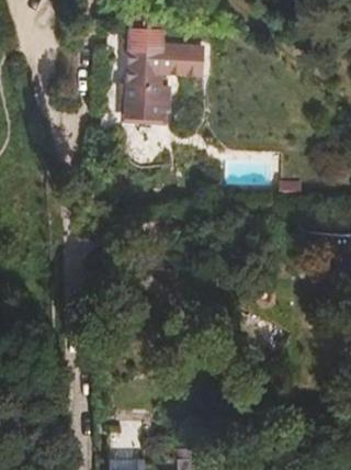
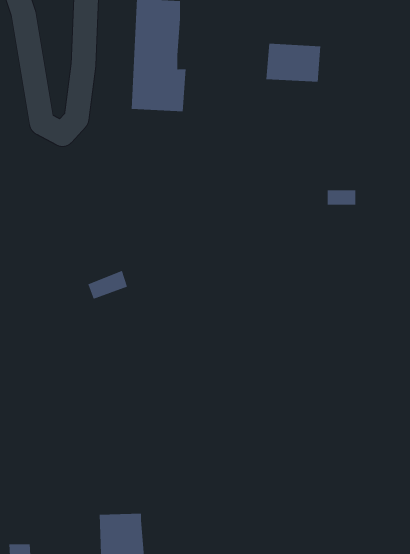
building: [163,46,207,77] -> [266,43,321,82]

